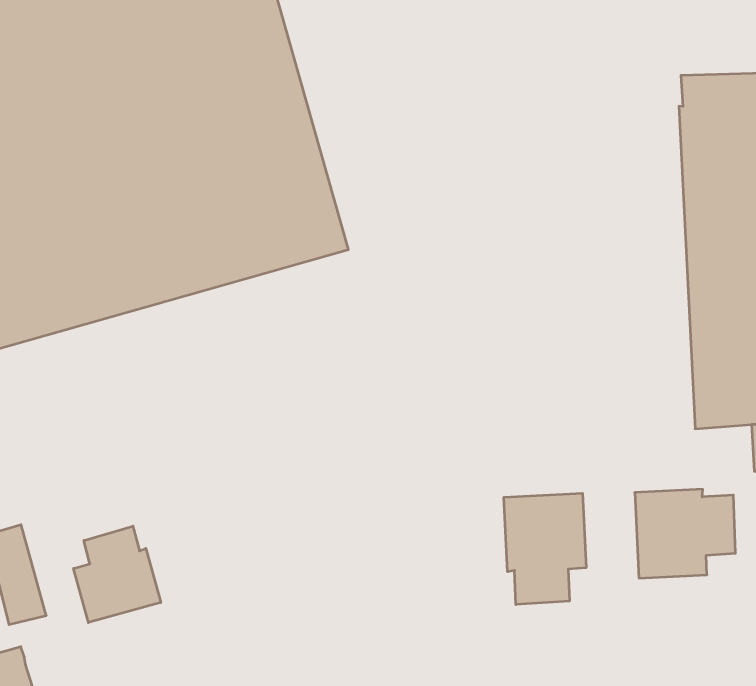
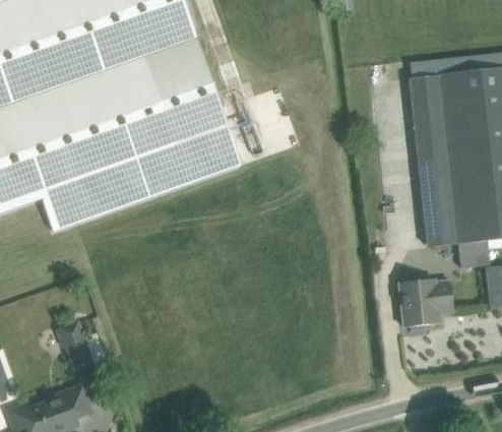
building: [504,493,586,605] -> none
building: [74,526,161,623] -> none

